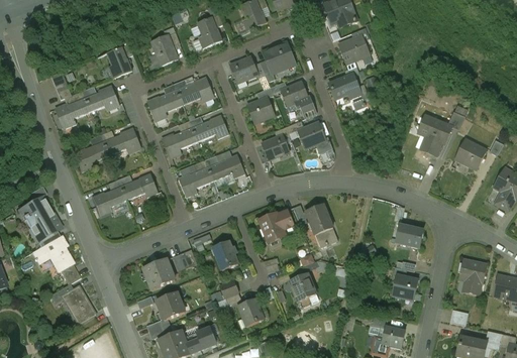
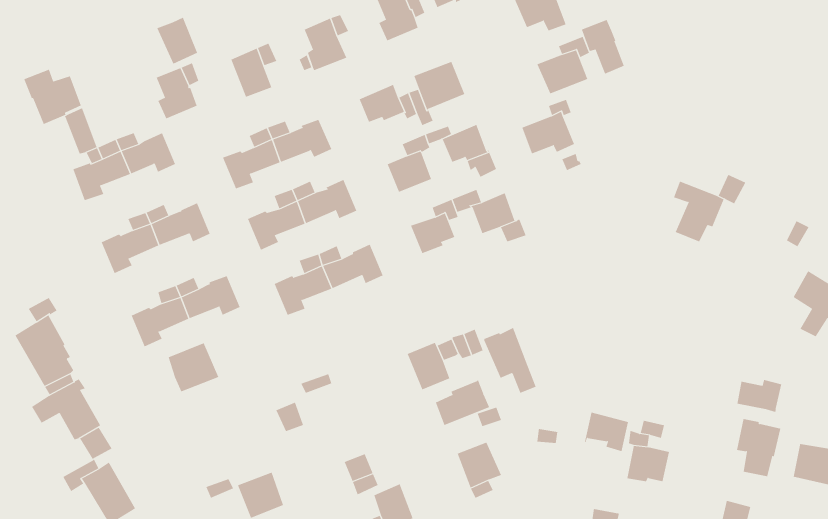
building: none -> [157,17,198,65]
building: none -> [581,19,625,74]
building: none -> [24,69,82,125]
building: [454,138,486,169] -> none
building: [395,224,422,248] -> [584,412,629,452]
building: none -> [435,379,490,426]
building: none -> [737,379,782,413]
building: [212,241,237,270] -> none
building: [143,258,175,288] -> [168,342,219,392]

